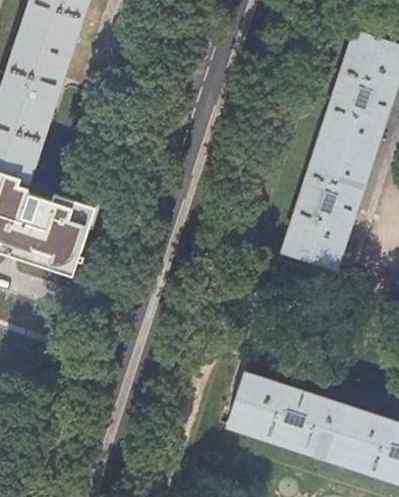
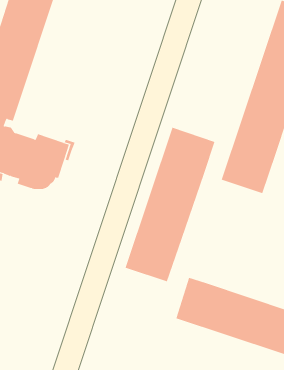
building: none -> [125,127,215,282]

